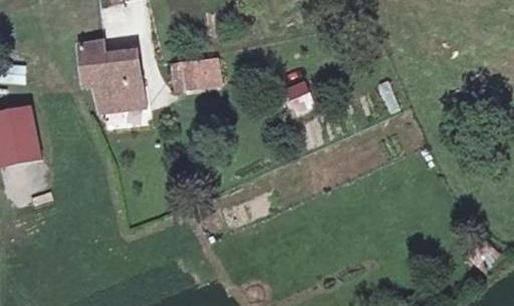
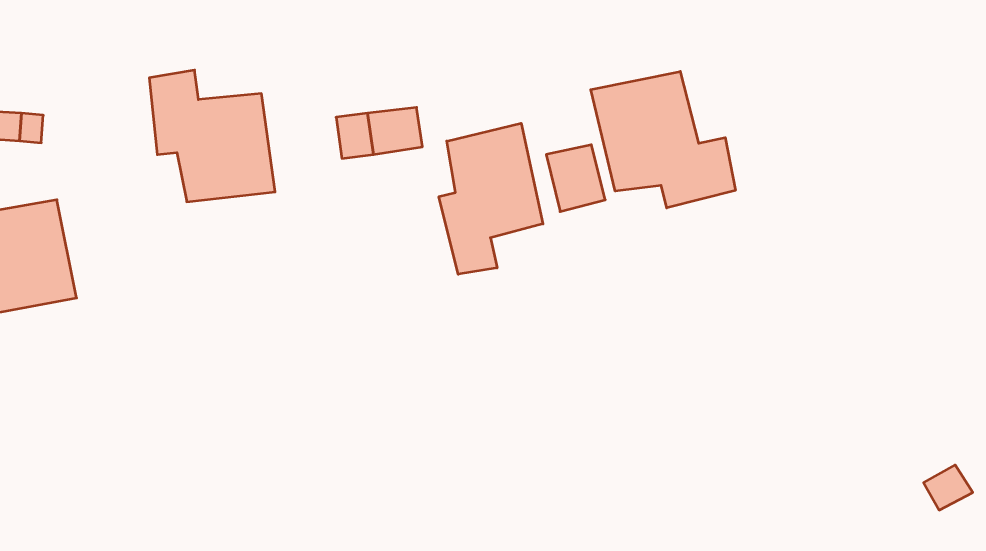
building: none -> [591,71,735,208]
building: none -> [439,123,543,274]

